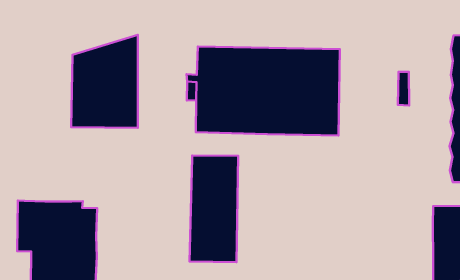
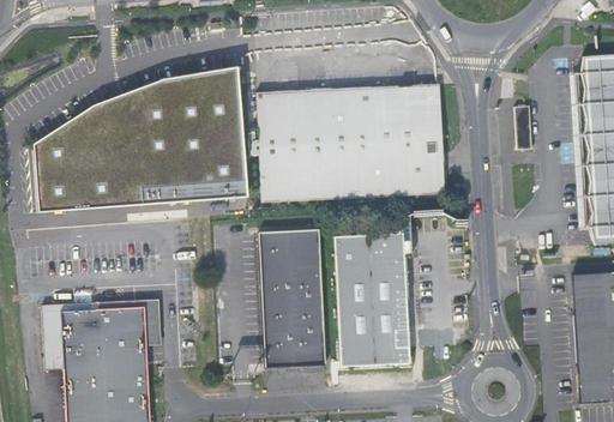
building: none -> [180,73,247,200]
building: none -> [38,113,103,209]
building: none -> [335,231,420,364]
building: none -> [125,297,162,342]

